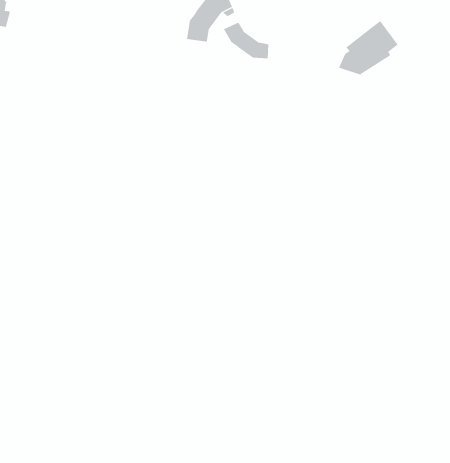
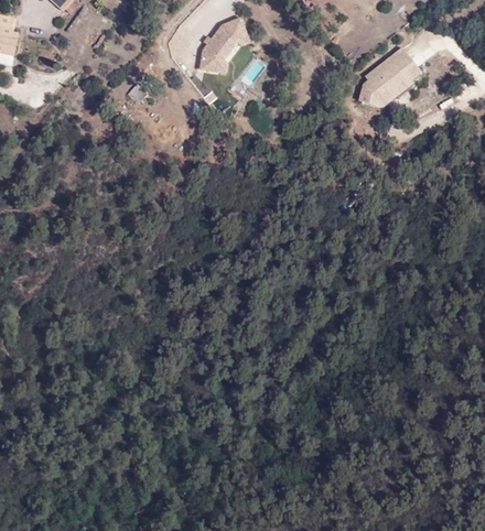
building: [223,22,269,59] -> none

